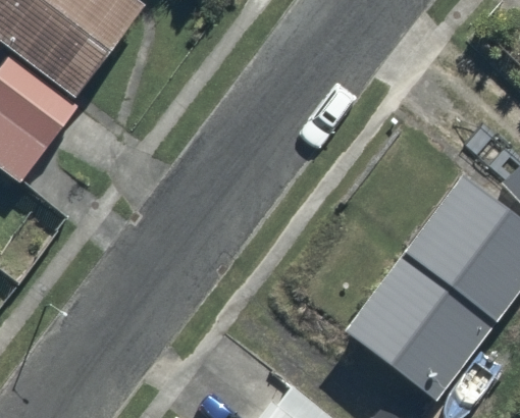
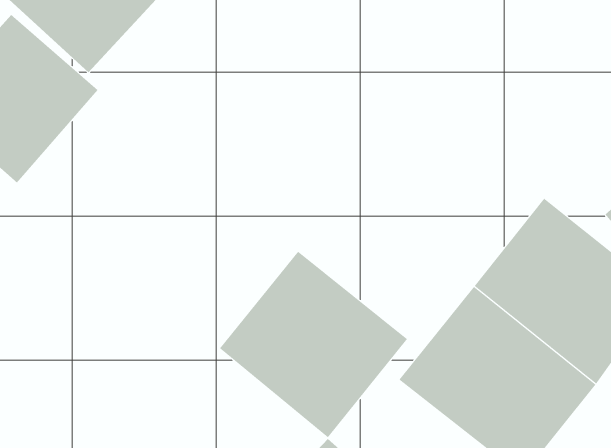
building: none -> [219,251,408,438]

